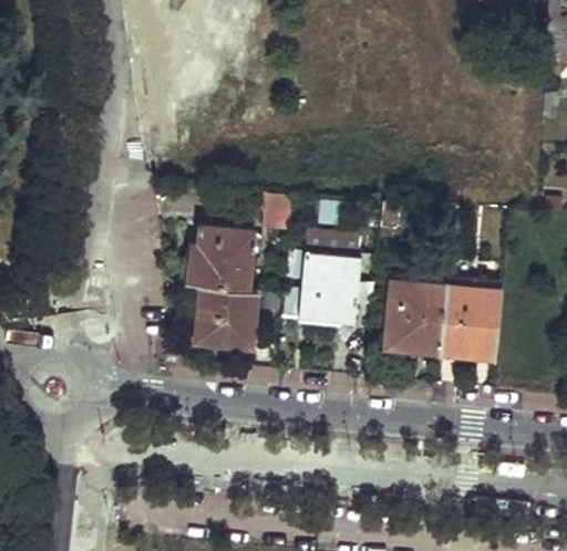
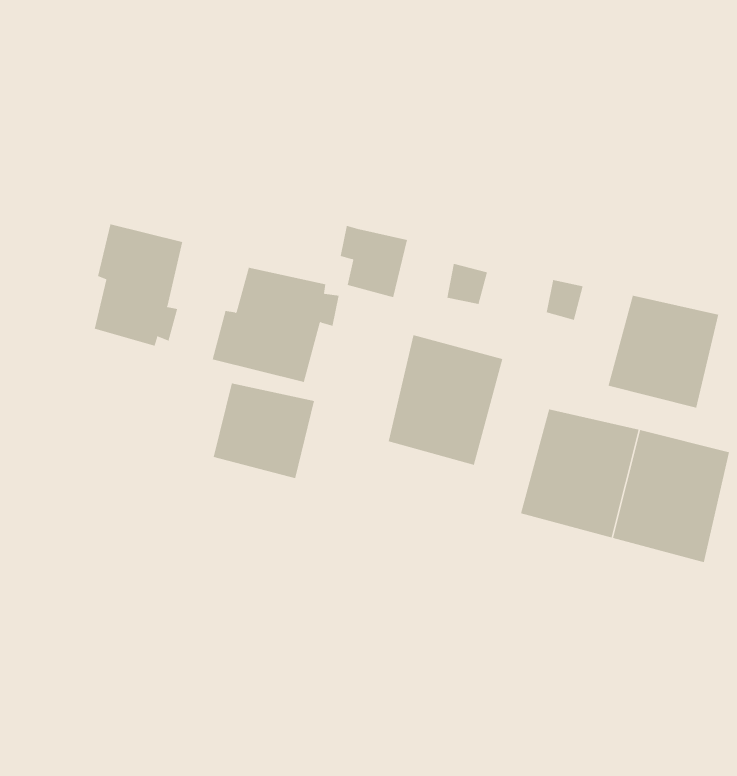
building: none -> [608,295,719,408]
building: none -> [94,223,183,347]

